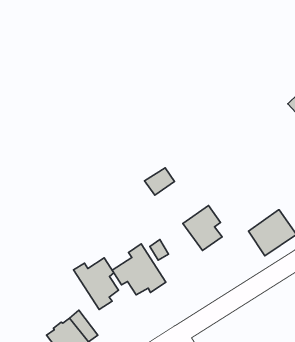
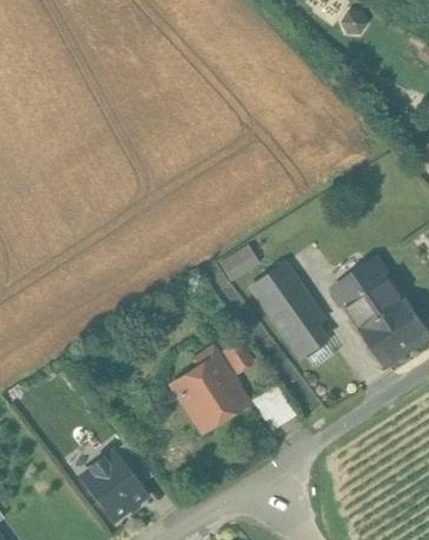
building: none -> [332,259,404,331]
building: none -> [249,264,306,320]
building: [74,258,119,309] -> none

